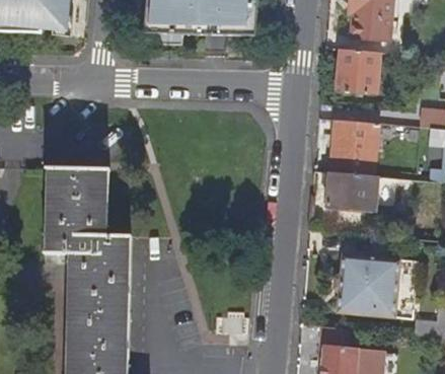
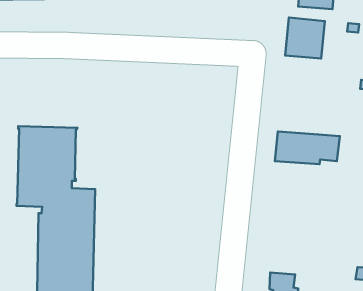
building: [329,120,378,176] -> none
building: [335,254,400,318] -> none

